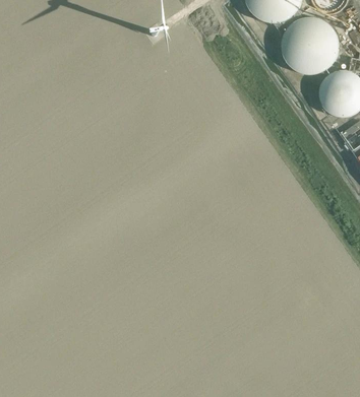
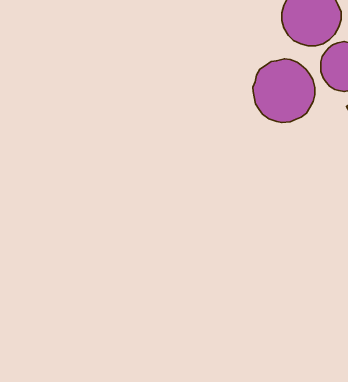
building: none -> [253,59,315,122]

